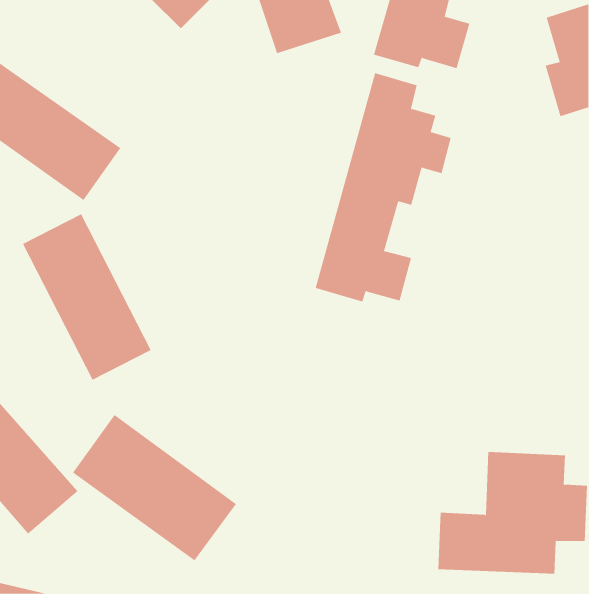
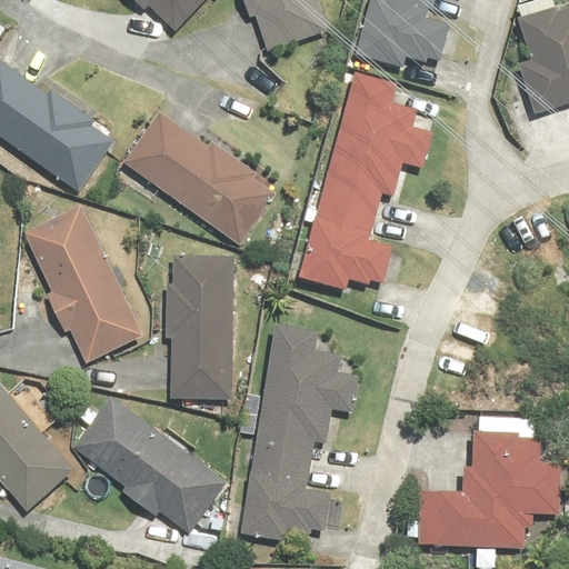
building: none -> [122,109,274,243]
building: none -> [171,252,233,400]
building: none -> [240,323,358,540]

